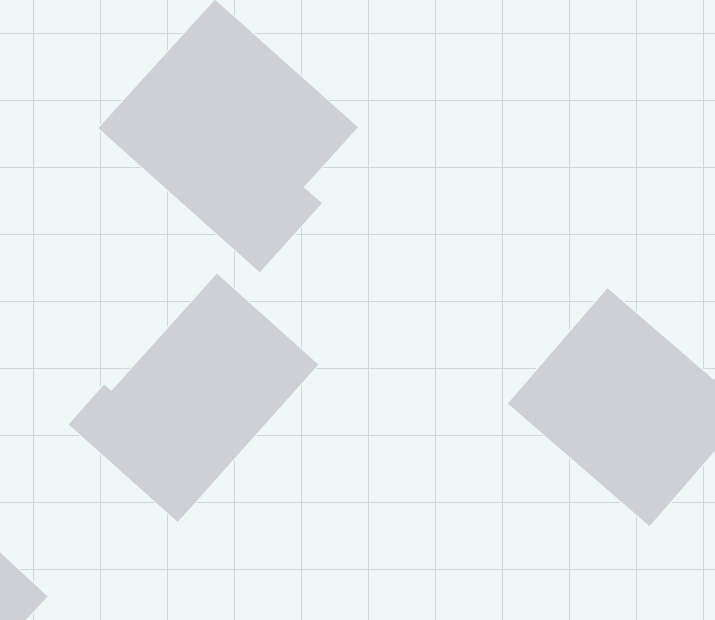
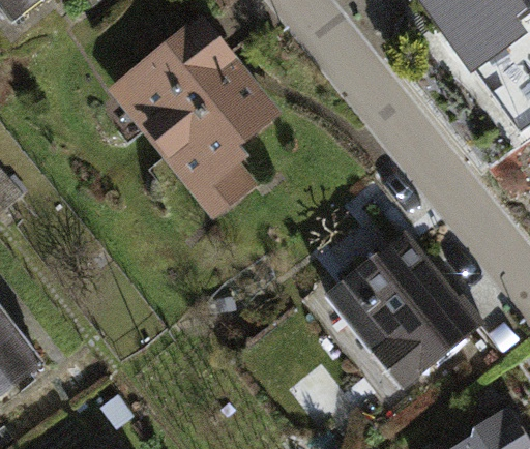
building: [68,273,319,523] -> none

